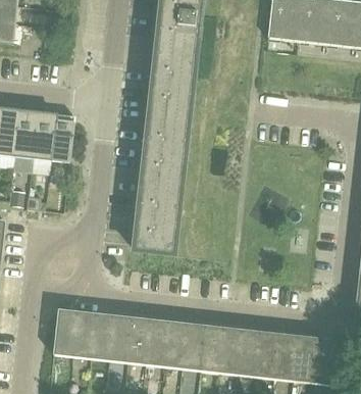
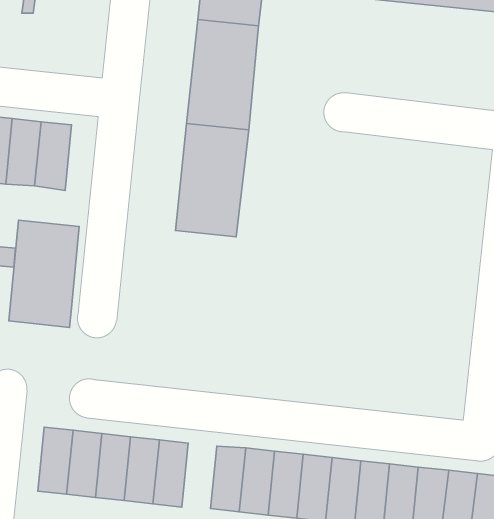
building: [135,186,179,254] -> [9,220,79,327]
building: [145,322,167,363] -> none

